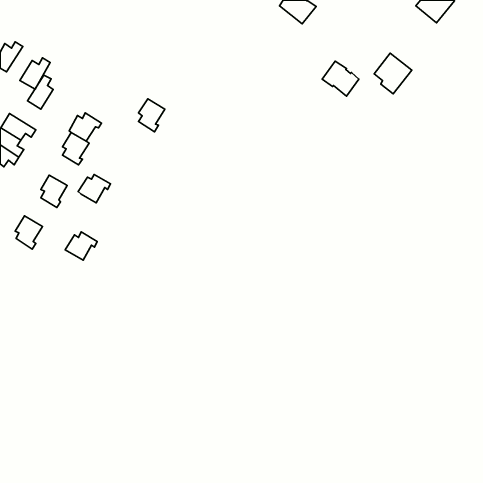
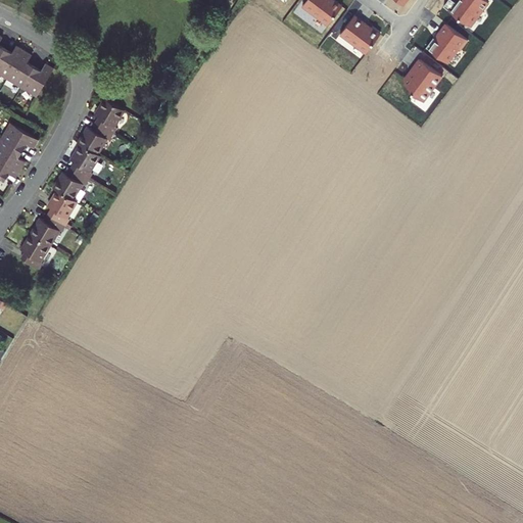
building: none -> [427,23,470,66]
building: [322,61,359,96] -> [339,17,379,55]
building: [28,75,53,109] -> [8,51,36,88]
building: [138,99,165,132] -> [93,98,122,134]
building: [78,174,110,203] -> [51,169,86,199]
building: [65,232,97,260] -> [28,215,62,245]

